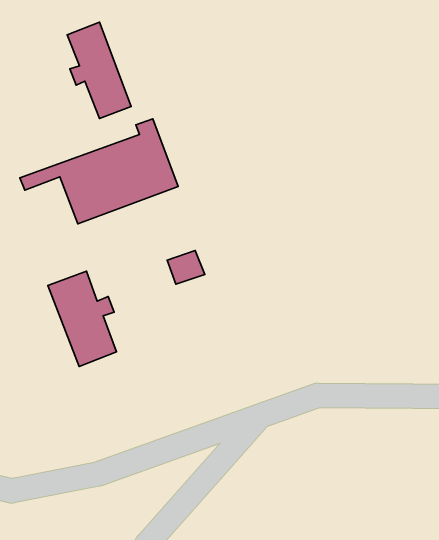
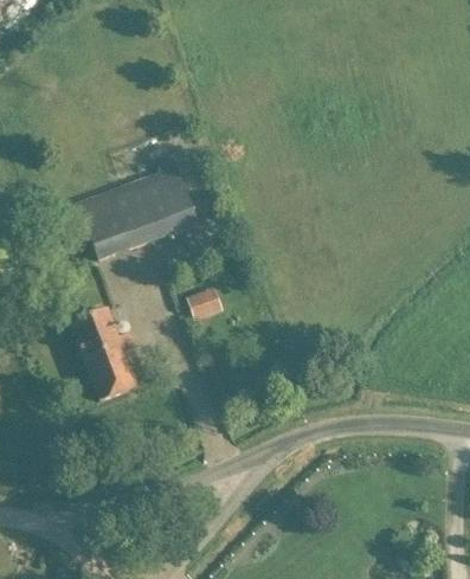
building: [67,22,131,118] -> none

